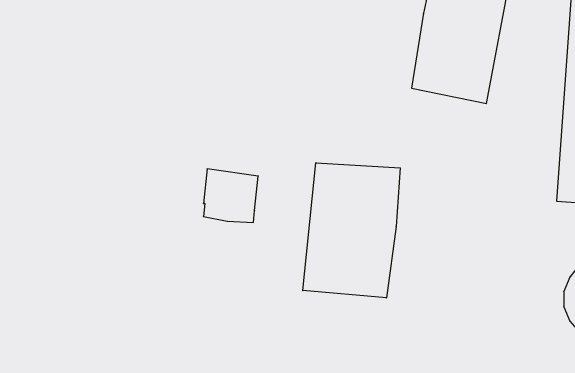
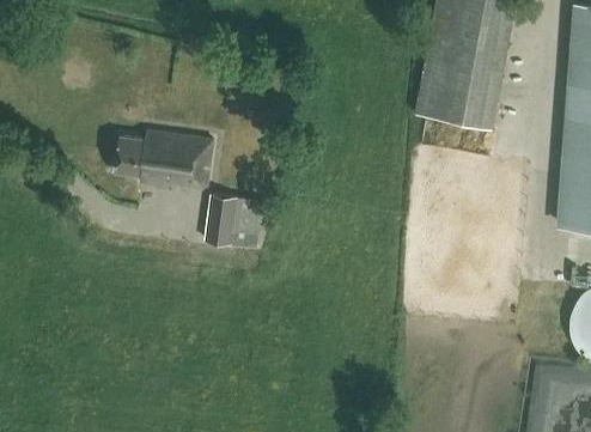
building: none -> [116,134,212,193]
building: [303,163,400,298] -> none

